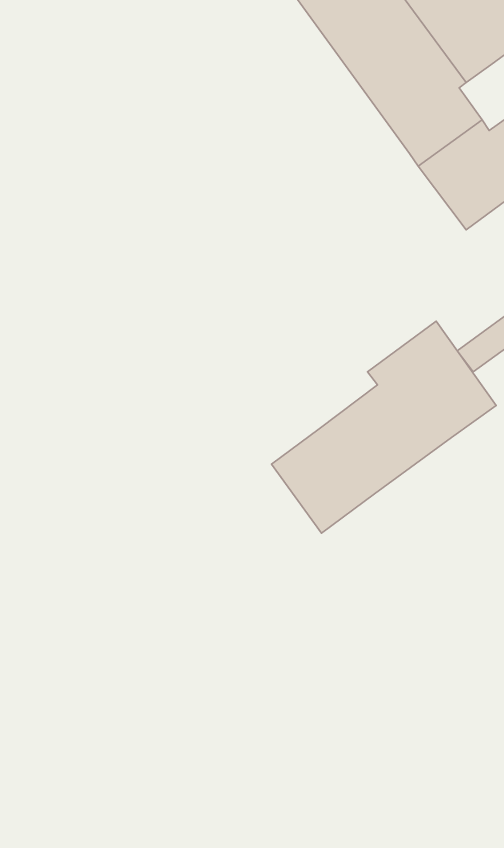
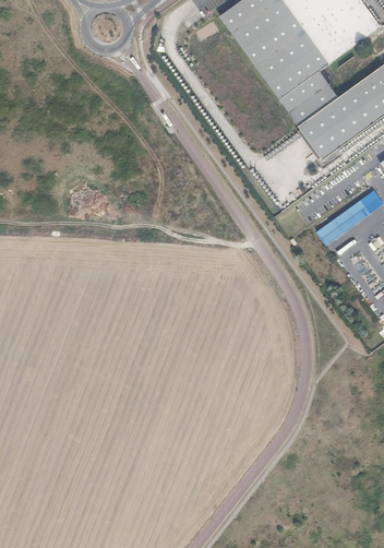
building: [271,321,496,533] -> none

